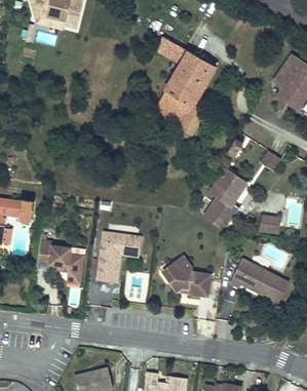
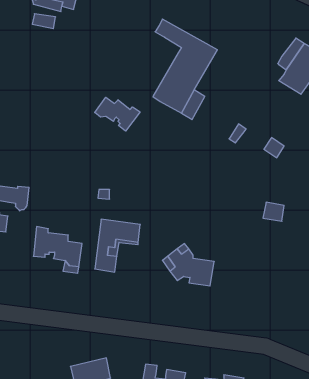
building: none -> [95,97,140,131]
building: [204,168,246,226] -> none
building: [230,259,290,301] -> none

